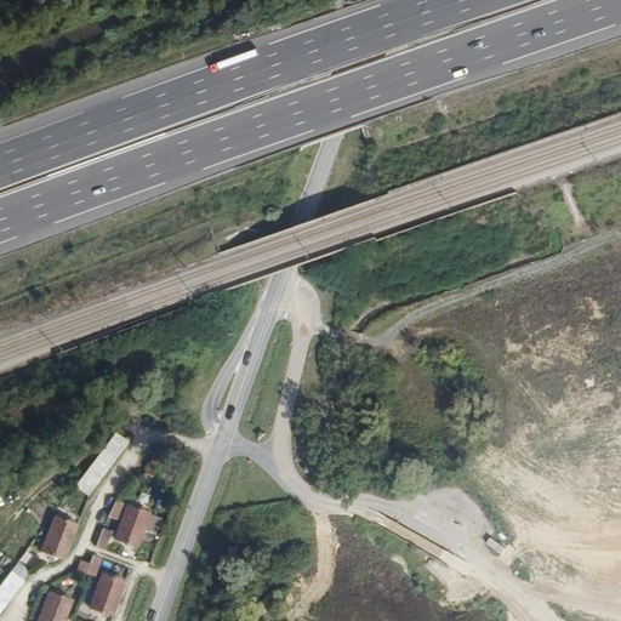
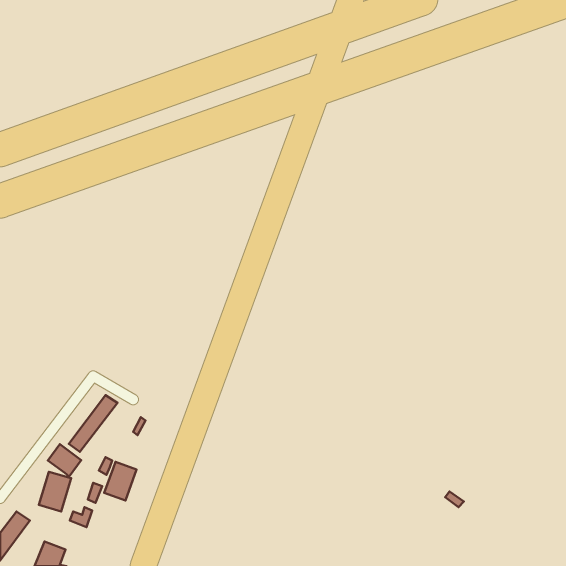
building: none -> [48,444,81,476]
building: [90,569,123,614] -> none

